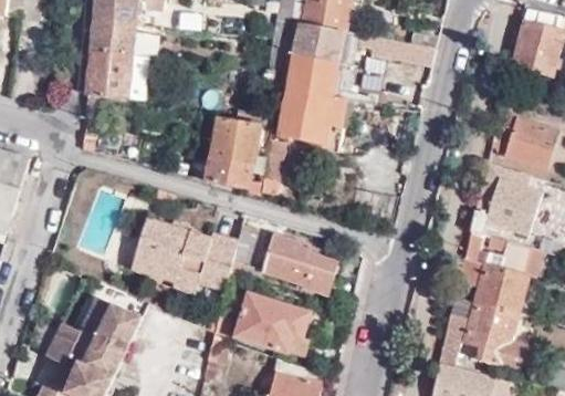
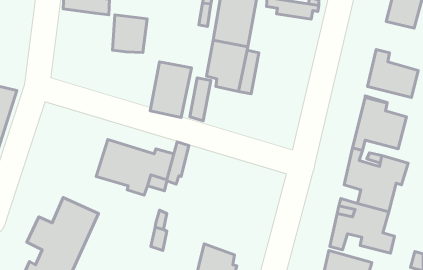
building: [87,49,133,98] -> [112,15,147,53]
building: [260,233,335,296] -> none
building: [236,294,306,352] -> none

